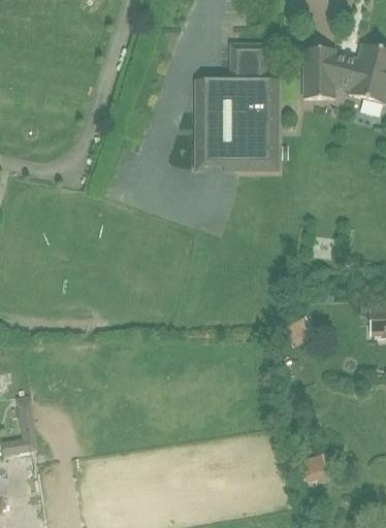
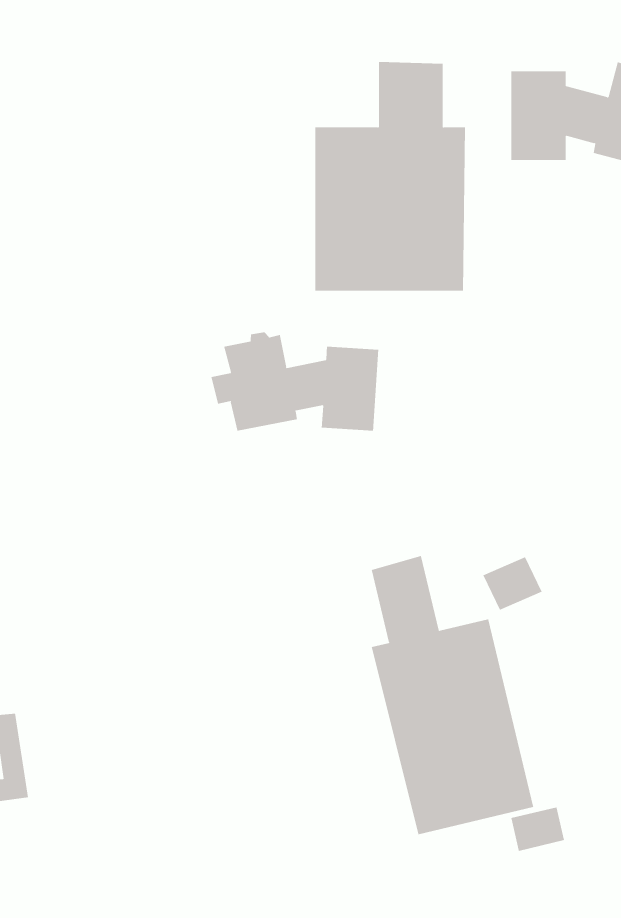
building: none -> [211,331,379,432]
building: none -> [371,555,534,835]

